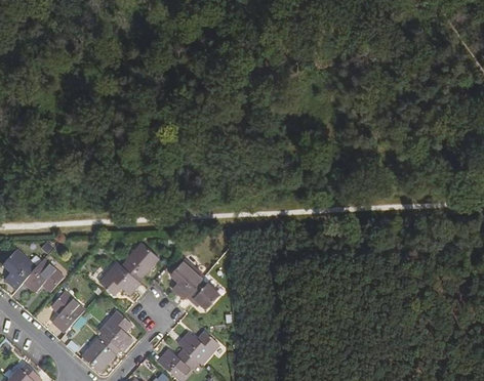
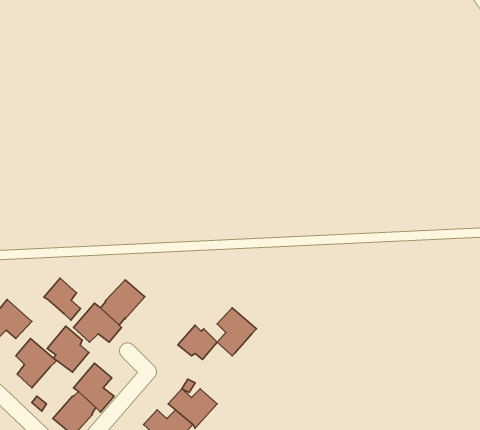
building: none -> [44,278,81,320]
building: [171,258,204,298] -> [217,308,257,356]
building: none -> [47,326,89,372]

